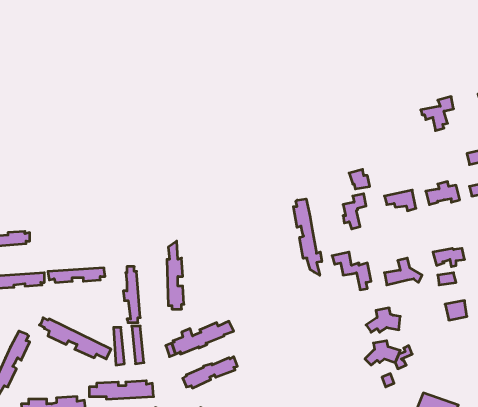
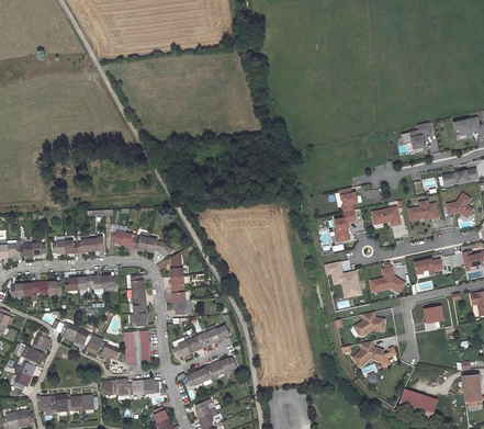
building: [293,199,322,275] -> none
building: none -> [111,227,171,255]
building: none -> [54,236,104,253]

